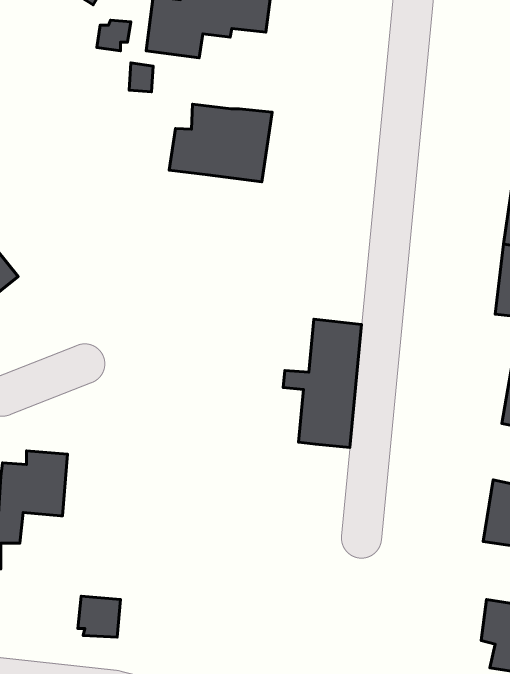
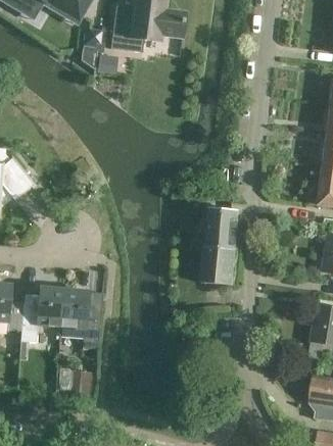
building: [169,104,272,182] -> none
building: none -> [57,288,101,348]

